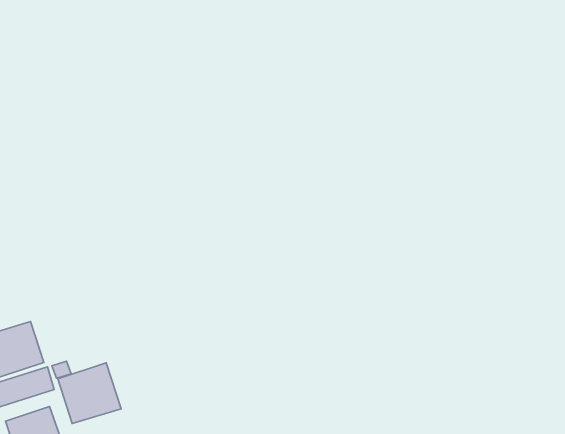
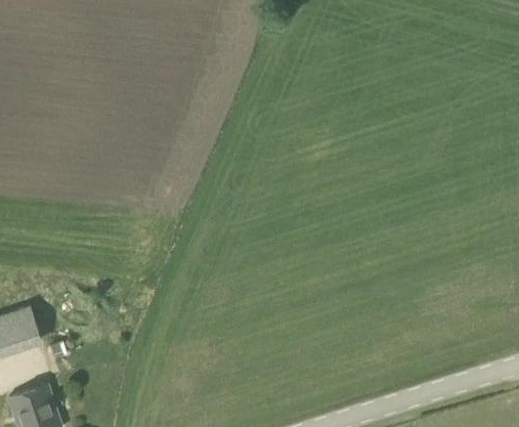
building: [58,363,121,424] -> none

